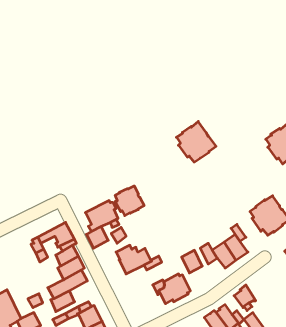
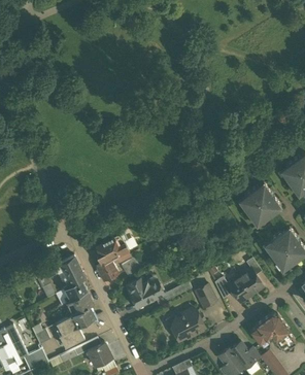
building: [176,121,216,162] -> [240,182,281,225]
building: [115,186,144,216] -> none
building: none -> [262,313,296,348]

